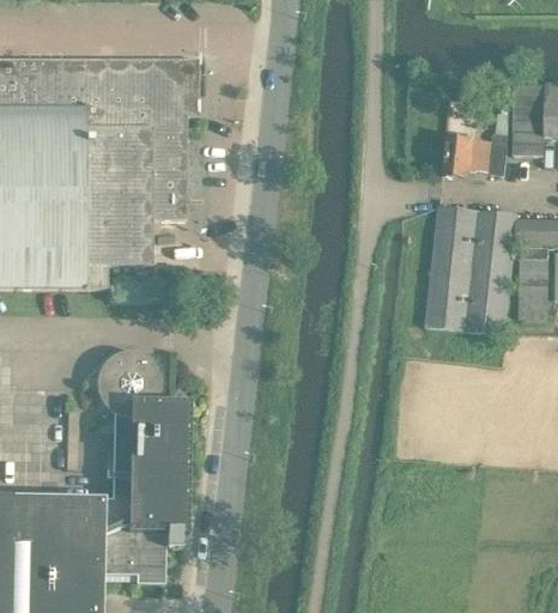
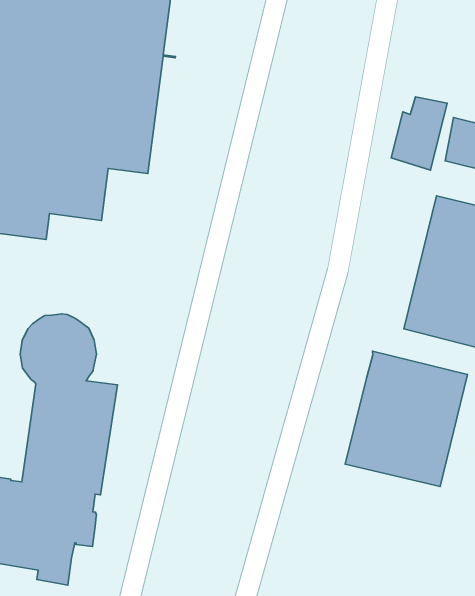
building: none -> [391,97,447,170]
building: none -> [345,351,467,486]

